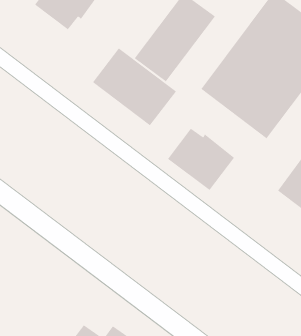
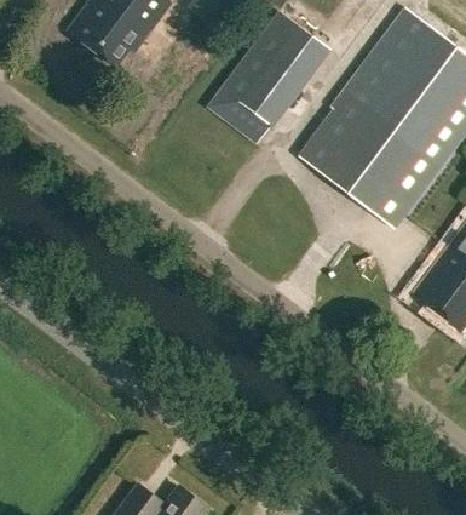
building: [92,47,177,126] -> none
building: [167,128,235,191] -> none

